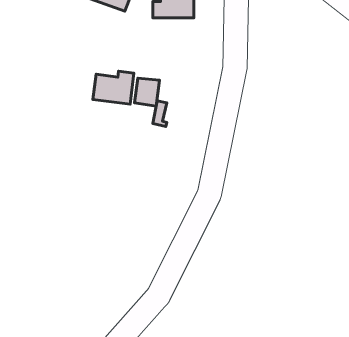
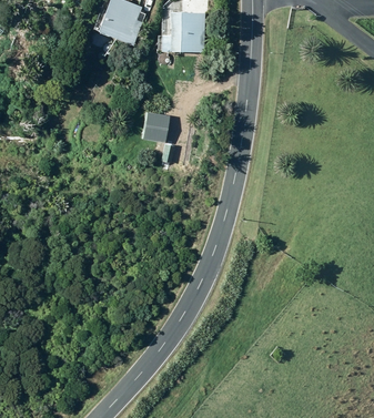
building: [93,71,134,104] -> none

